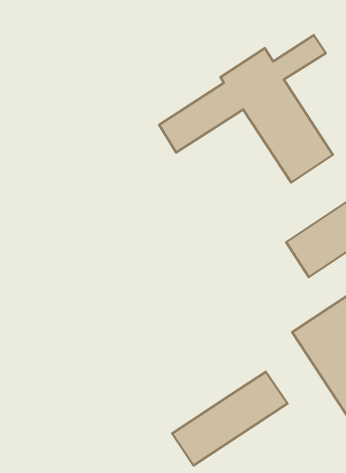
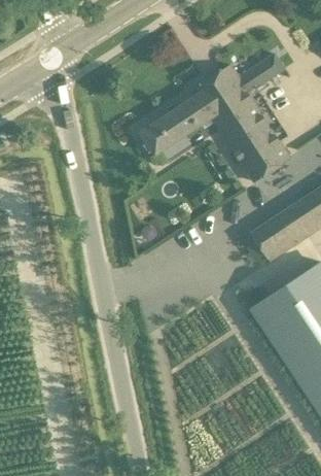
building: [172,372,287,466] -> none

